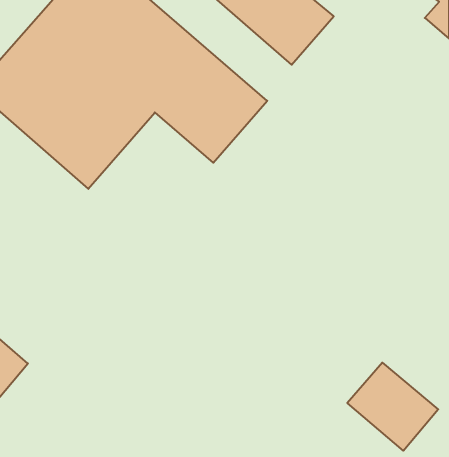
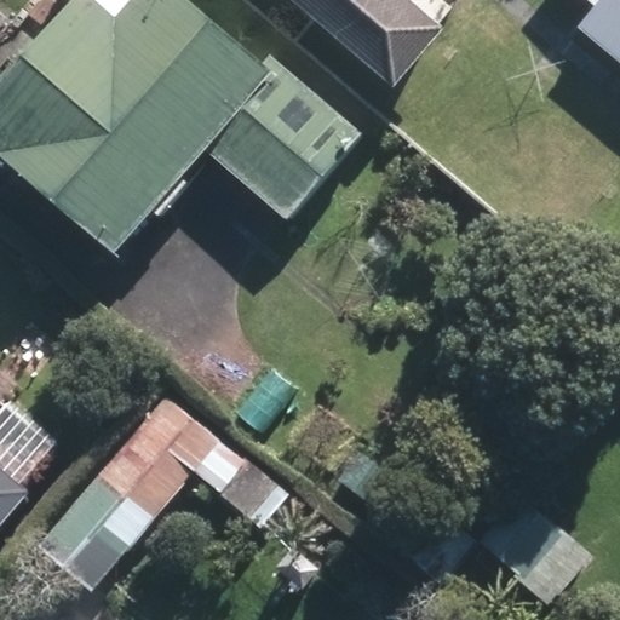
building: none -> [33,390,287,593]

